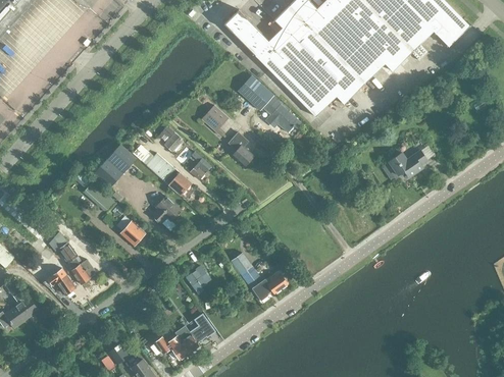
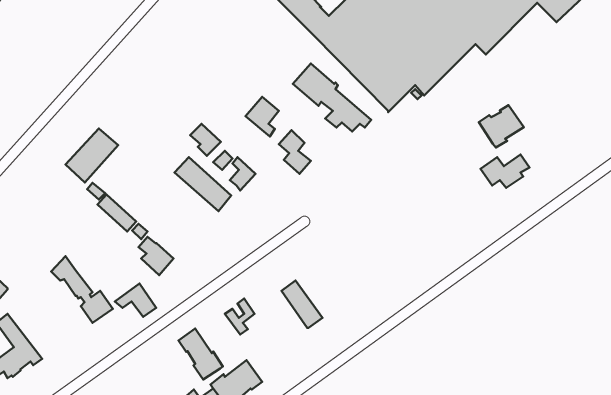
building: none -> [479,105,524,147]
building: [93,144,135,186] -> [66,128,118,182]
building: [152,196,180,221] -> none
building: [42,267,74,293] -> [115,283,156,317]
building: [251,274,288,300] -> none
building: none -> [178,328,223,379]

